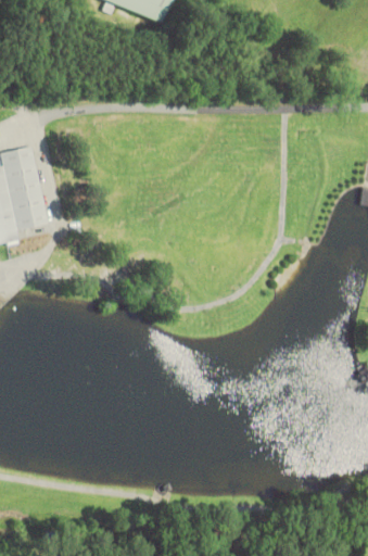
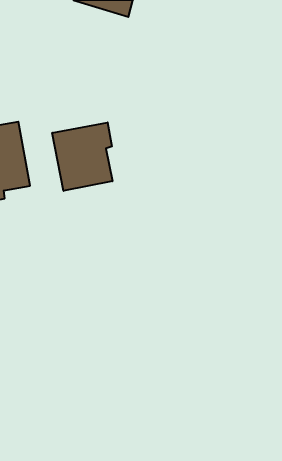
building: none -> [52,122,112,191]

